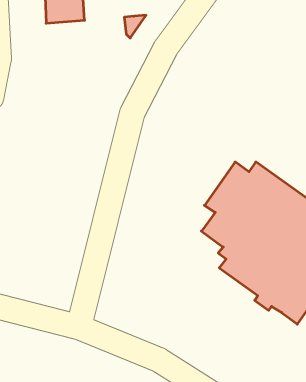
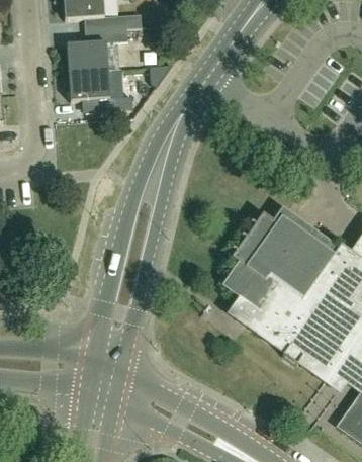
building: none -> [69,68,133,110]

